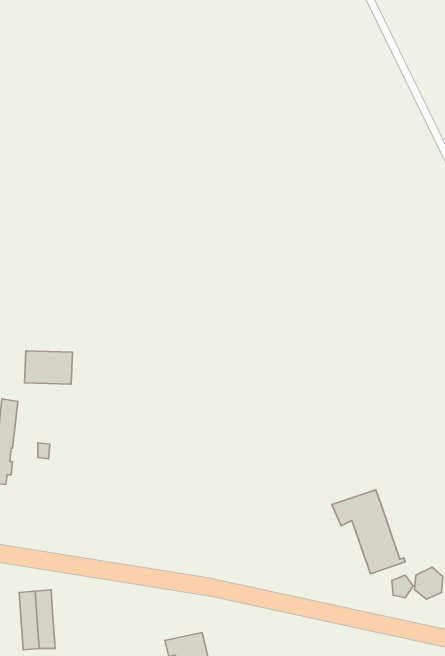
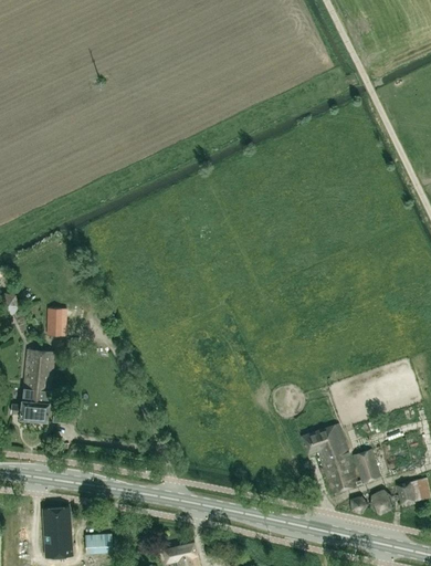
building: none -> [31,350,54,421]
building: none -> [354,449,380,482]
building: none -> [76,534,113,554]

